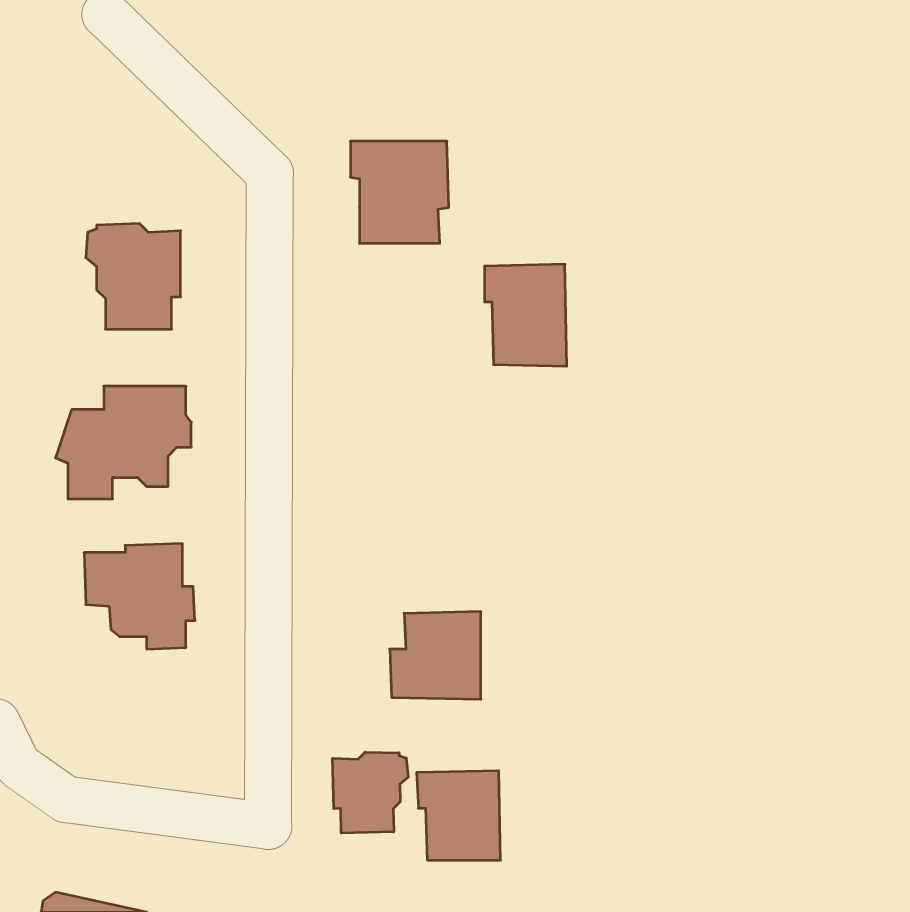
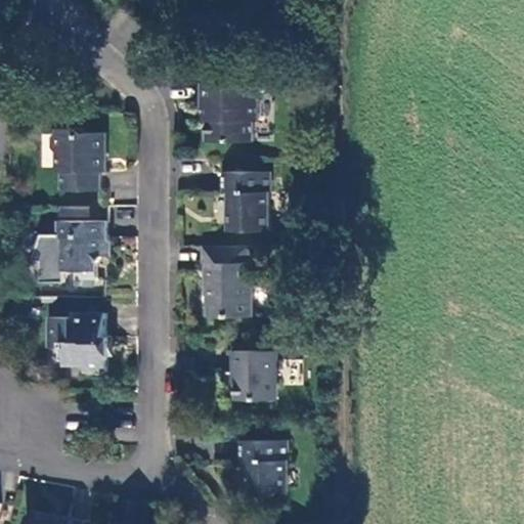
building: [485,264,567,366] -> [221,172,268,230]
building: none -> [201,246,250,318]
building: [333,752,408,833] -> none

